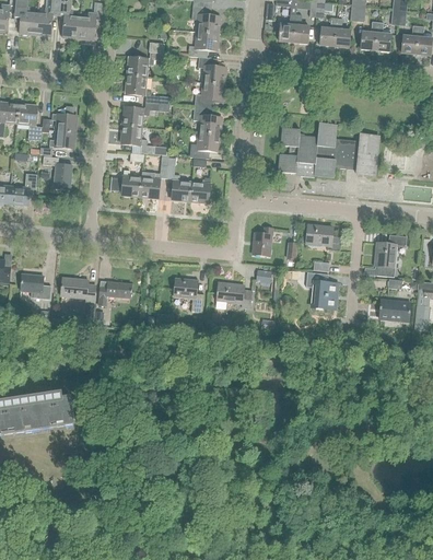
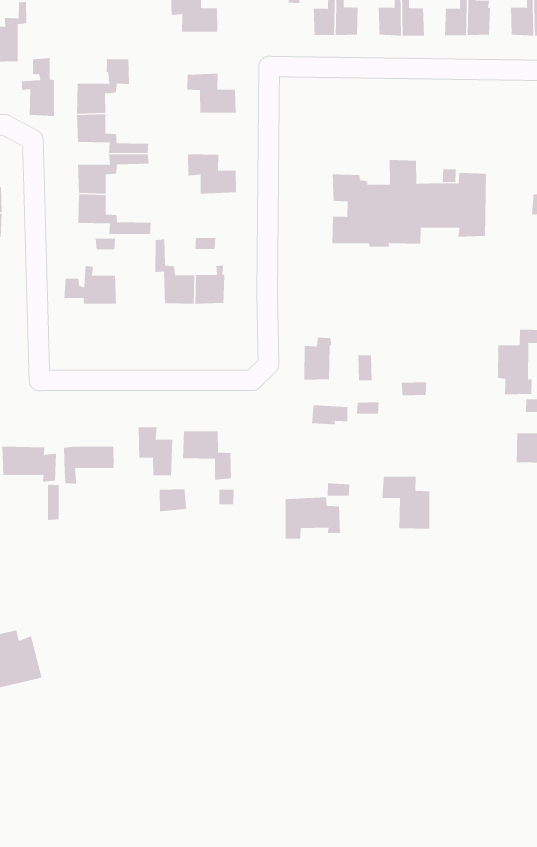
building: [188,31,220,58] -> none
building: none -> [21,57,55,117]
building: [194,82,226,108] -> none
building: [189,132,222,158] -> none
building: [141,156,168,197] -> none
building: [305,225,340,249] -> none
building: [305,271,336,307] -> [382,476,430,529]
building: none -> [138,427,173,476]
building: [215,282,251,308] -> [285,496,341,539]

